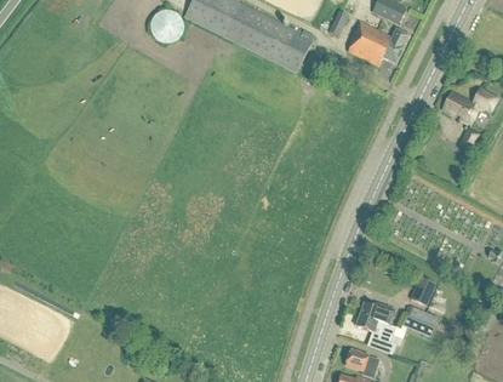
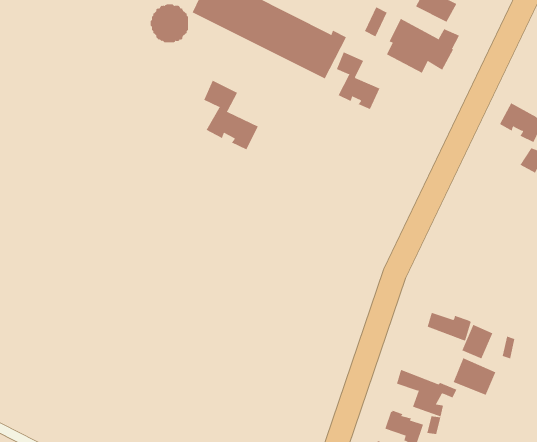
building: none -> [336,51,380,110]
building: none -> [204,80,258,150]
building: [359,301,396,325] -> [427,312,472,341]

